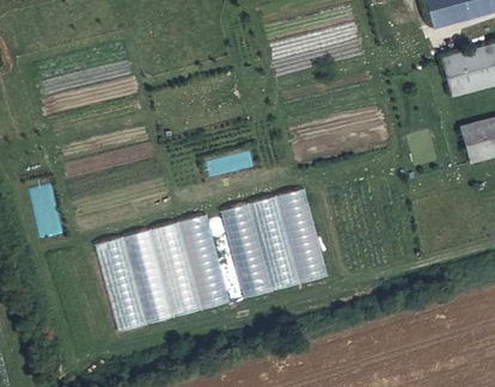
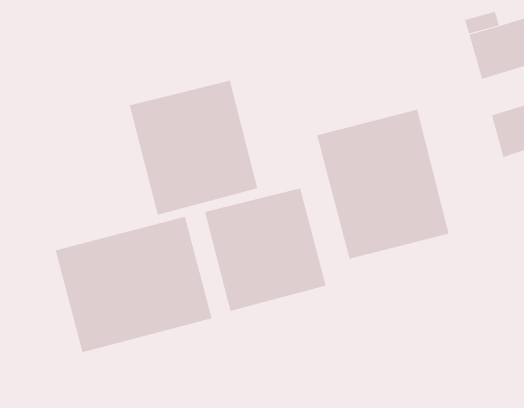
building: none -> [129,80,258,215]
building: none -> [316,109,449,259]

